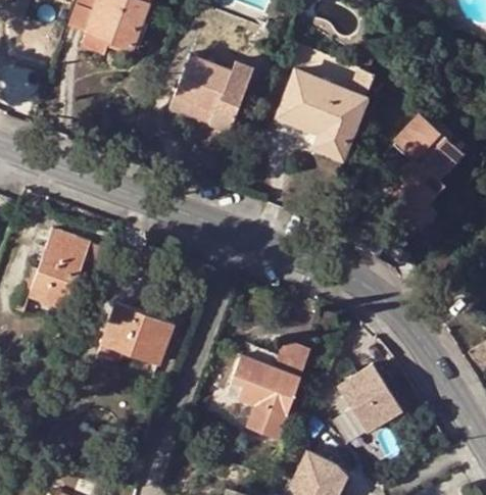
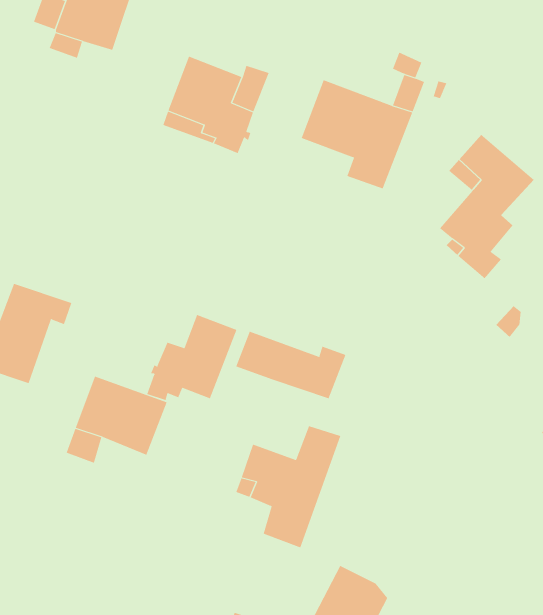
building: none -> [146,314,237,401]
building: none -> [235,331,346,399]
building: [338,364,404,433] -> none

